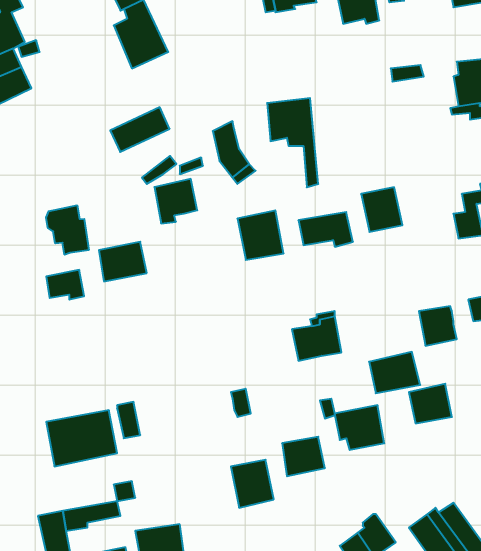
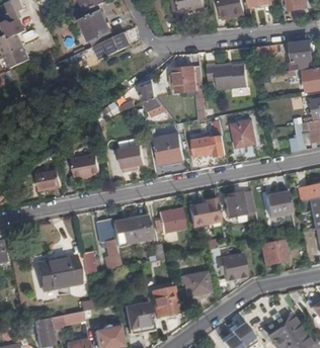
building: none -> [206,64,247,91]
building: [110,107,170,152] -> [93,32,130,60]
building: [154,179,197,223] -> [118,145,145,172]
building: [46,205,89,255] -> none
building: none -> [155,207,185,233]
building: none -> [122,216,151,244]
building: none -> [96,219,121,269]
building: [369,352,420,393] -> [224,190,255,215]
building: none -> [126,302,153,333]

